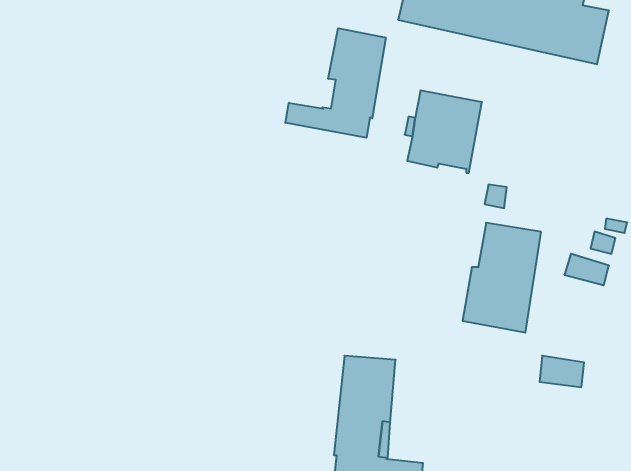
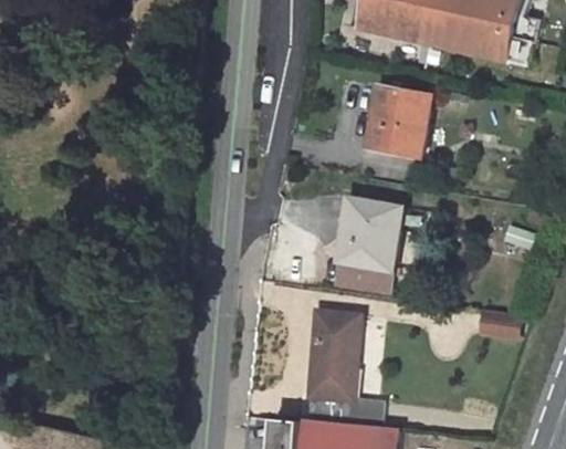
building: [285,28,386,138] -> none
building: [463,223,541,333] -> [333,200,399,293]

